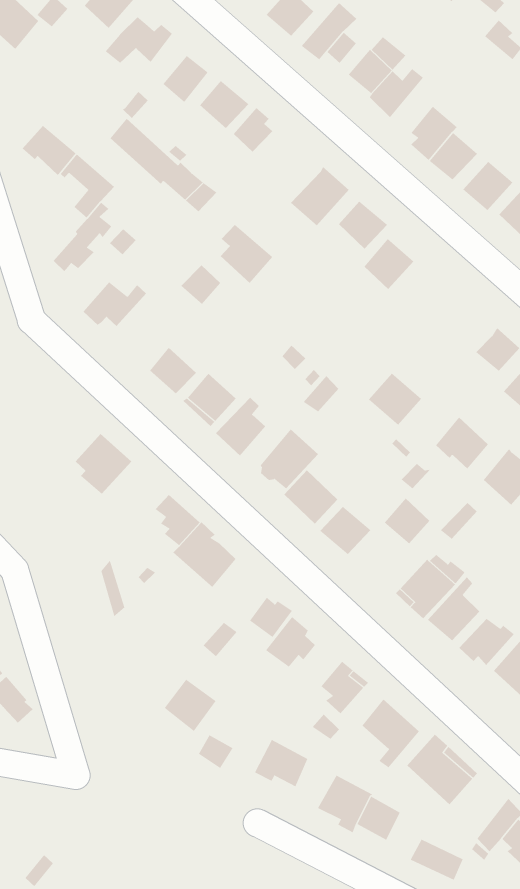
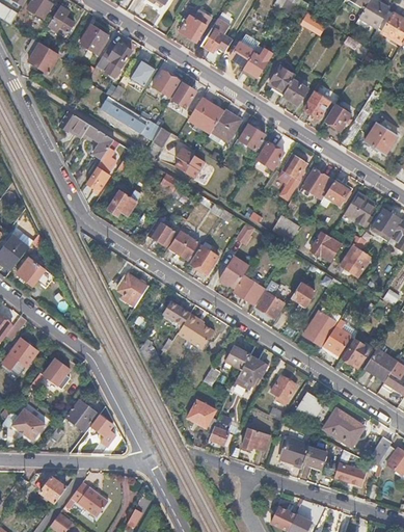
building: none -> [188,98,223,132]
building: none -> [281,154,305,189]
building: none -> [301,167,331,198]

